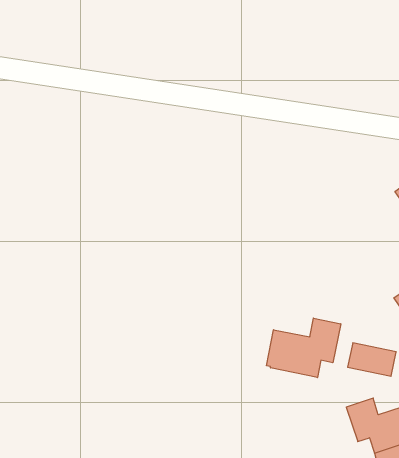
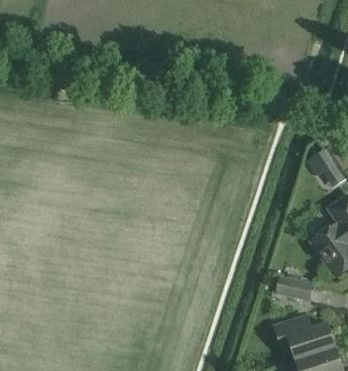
building: [267,318,341,378] -> none

